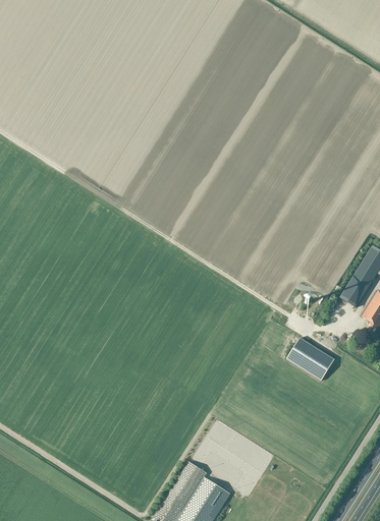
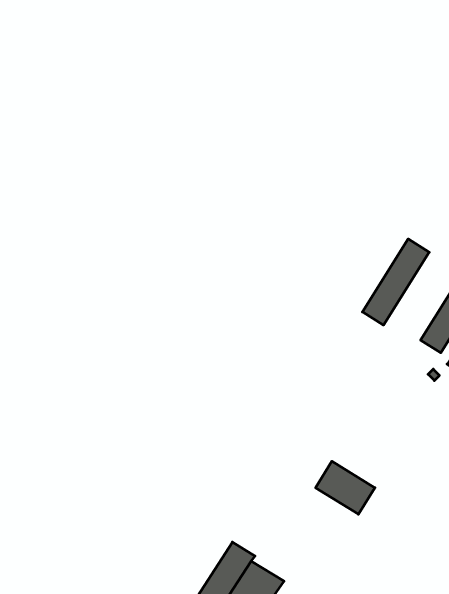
building: none -> [362,239,429,325]
building: [287,338,335,381] -> [316,461,375,514]

